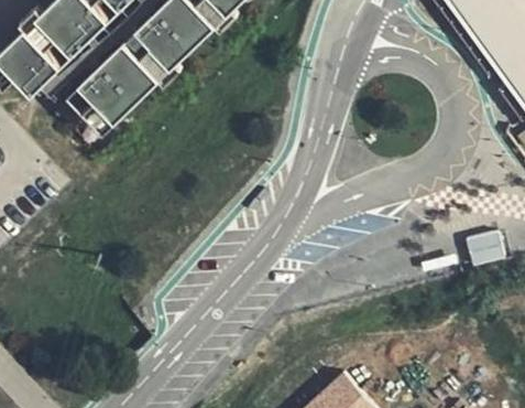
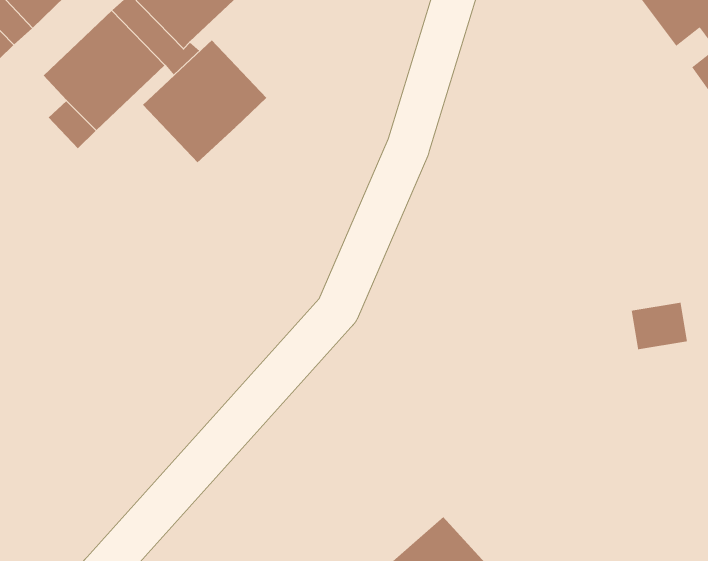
building: none -> [142,39,267,163]

